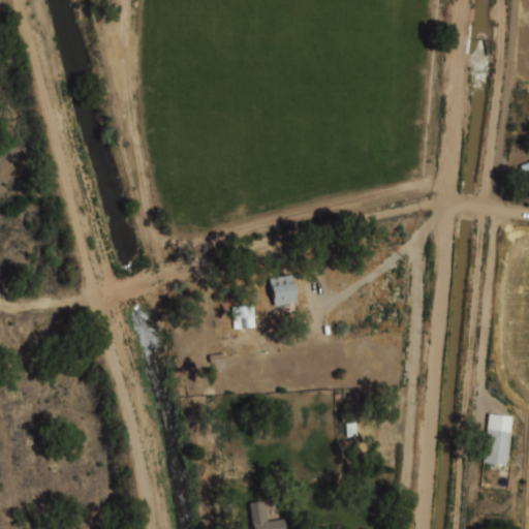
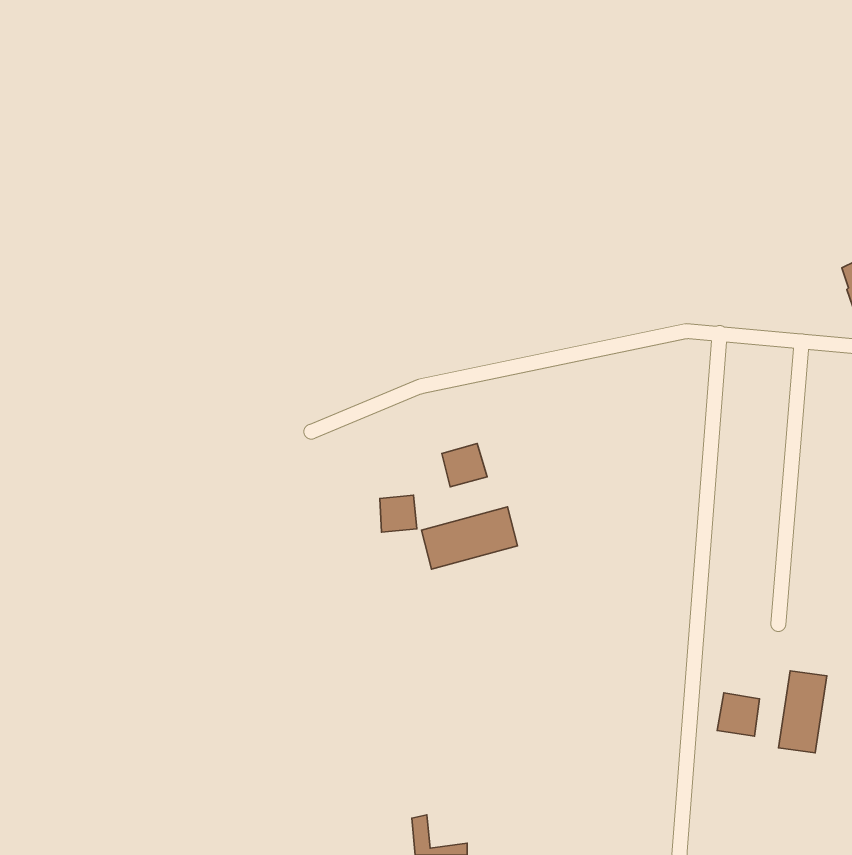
building: none -> [422,507,517,569]
building: none -> [717,693,760,736]

